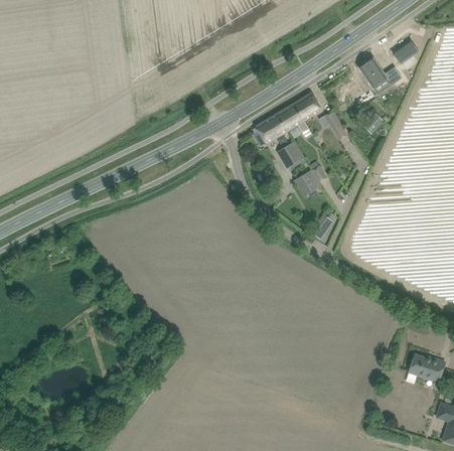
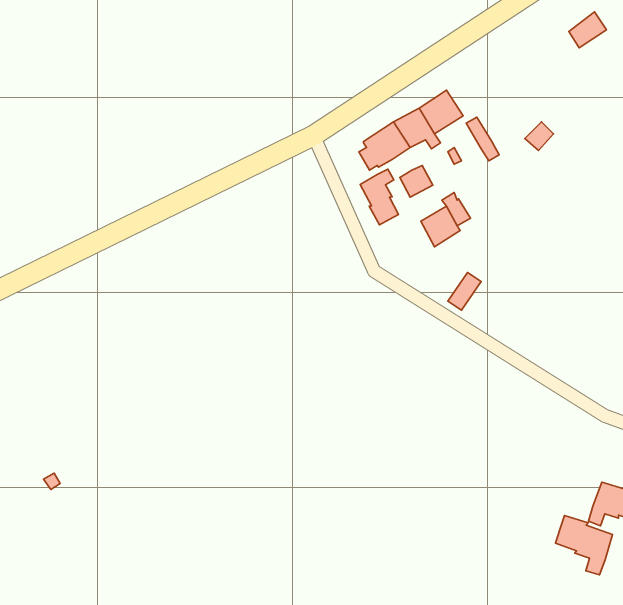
building: [358,57,402,88] -> none
building: none -> [360,169,399,225]
building: none -> [555,516,613,575]

